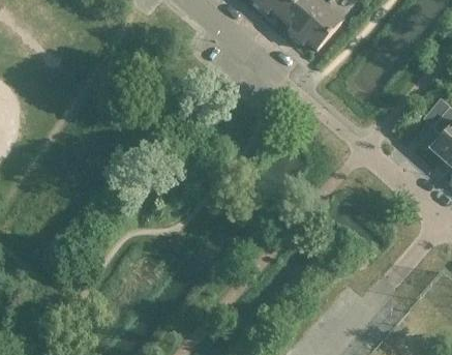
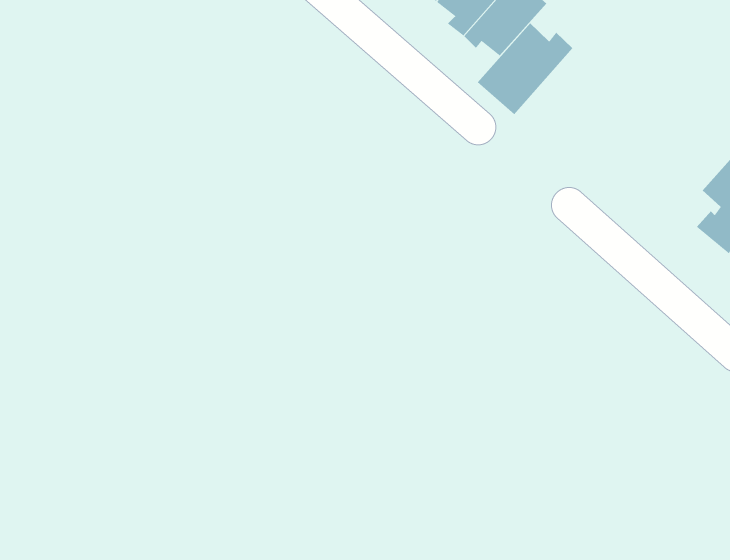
building: none -> [477,22,573,115]

